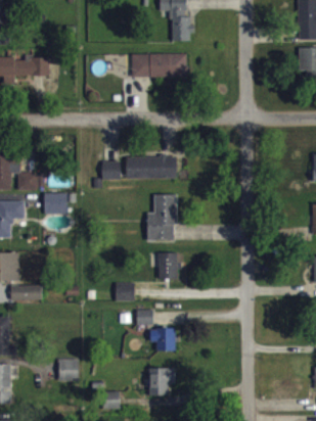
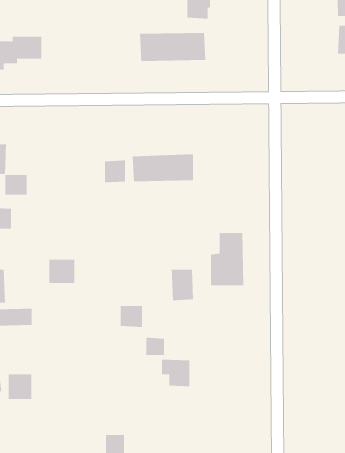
building: [45,193,67,214] -> [48,259,75,284]
building: [147,195,176,240] -> [210,233,244,286]
building: [58,360,79,381] -> [8,374,32,399]
building: [149,369,175,395] -> none

